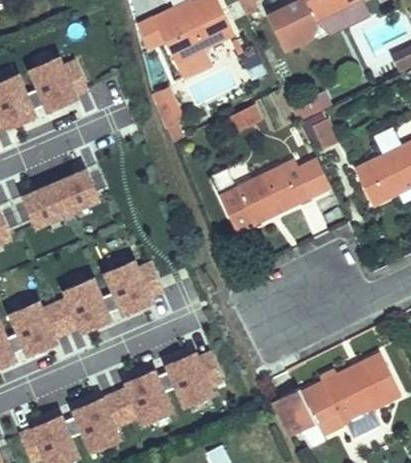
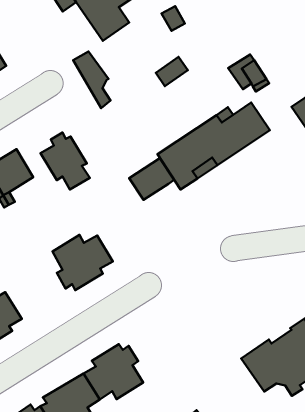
building: none -> [41,133,90,189]
building: none -> [129,158,174,200]
building: [54,278,112,332] -> none
building: [164,352,224,405] -> none

